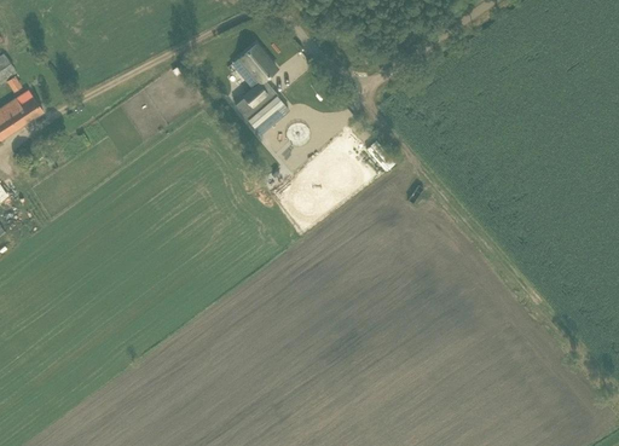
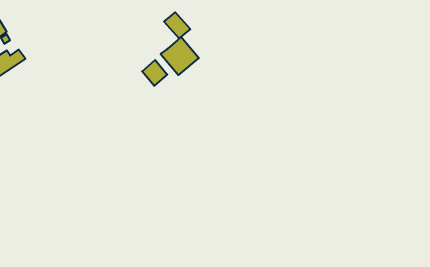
building: none -> [142,60,167,86]

